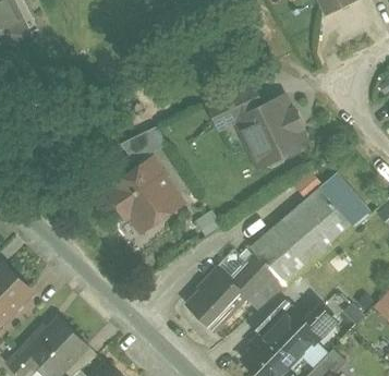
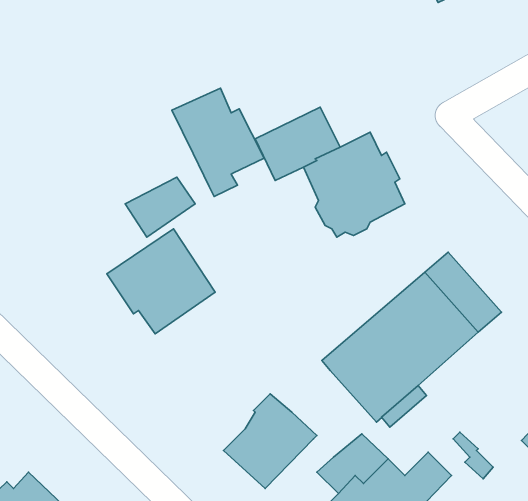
building: none -> [172,88,264,197]
building: [231,253,287,310] -> none

